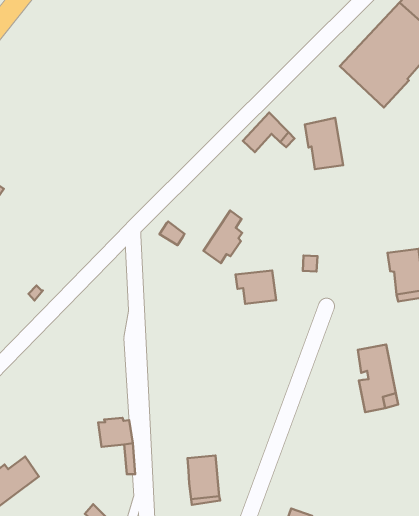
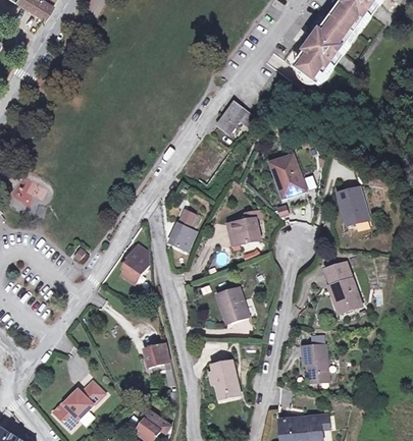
building: [305,118,343,169] -> [271,155,304,195]
building: [203,210,242,263] -> [168,213,195,253]
building: none -> [121,246,147,284]
building: none -> [217,285,248,319]
building: none -> [302,342,328,380]

